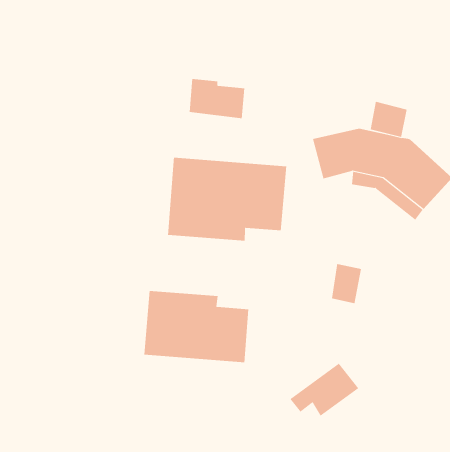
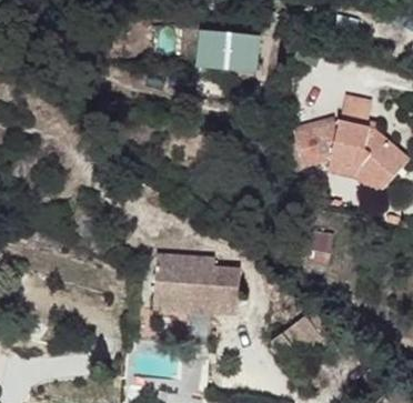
building: [189,79,245,119] -> [204,39,251,72]
building: [168,157,287,242] -> none

